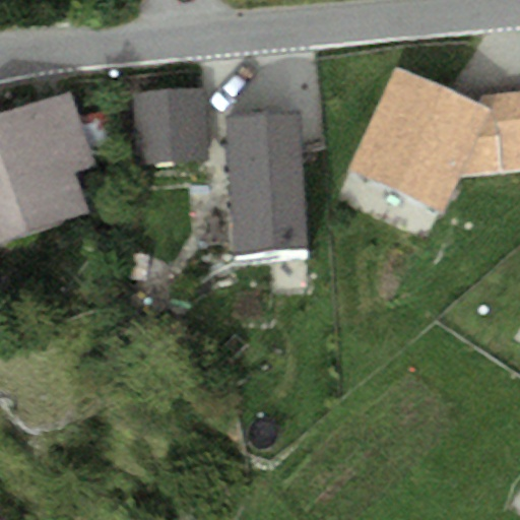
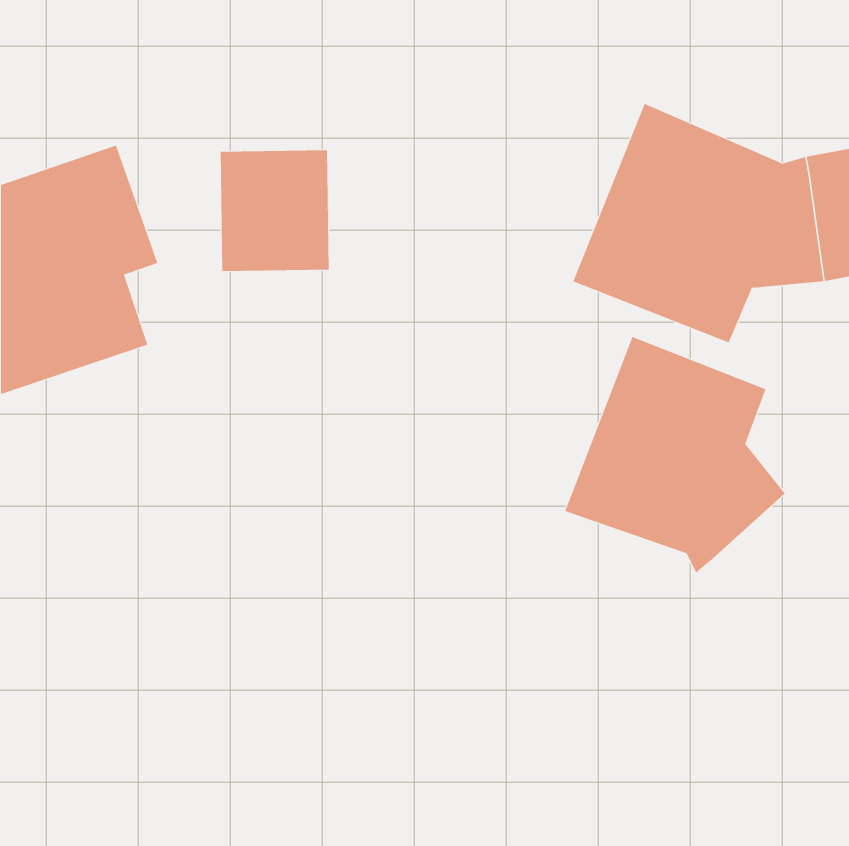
building: [224,116,303,258] -> none
building: none -> [564,336,785,573]

